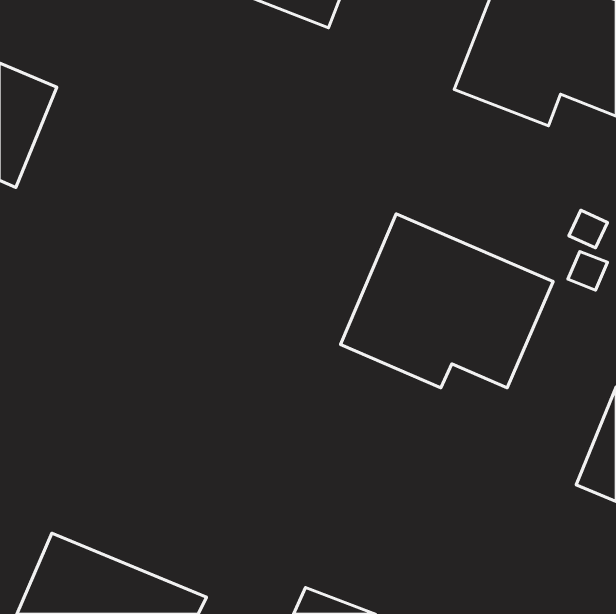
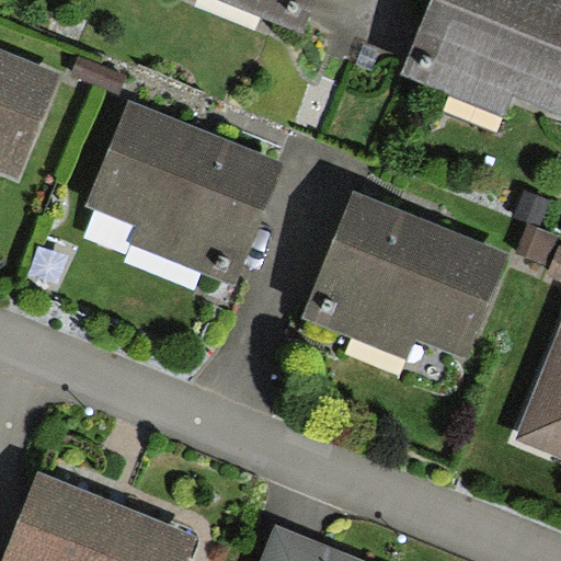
building: none -> [94,106,275,275]

